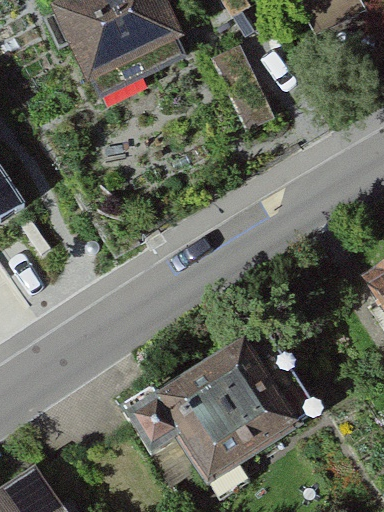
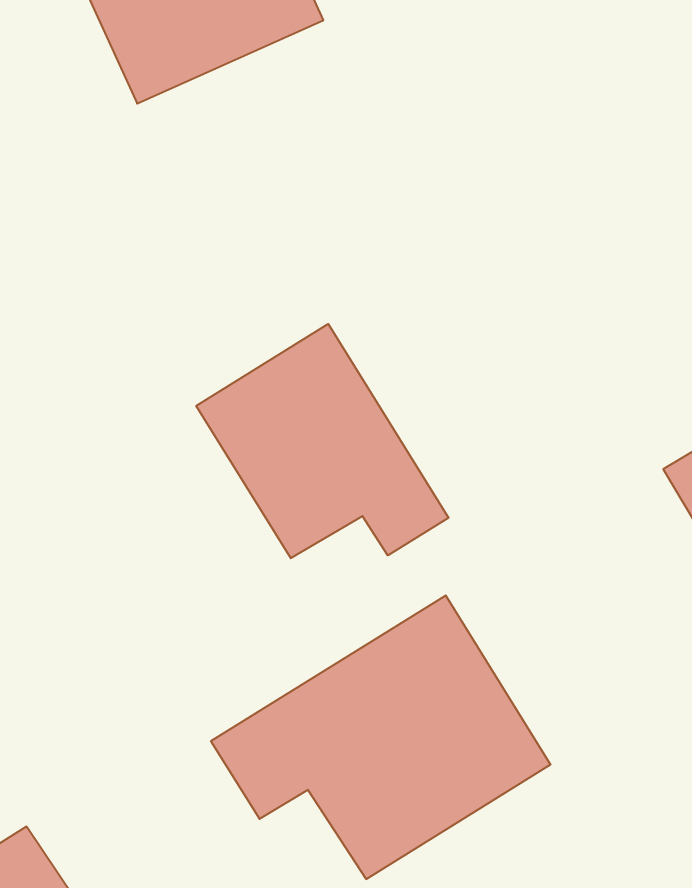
building: none -> [196,324,449,558]

